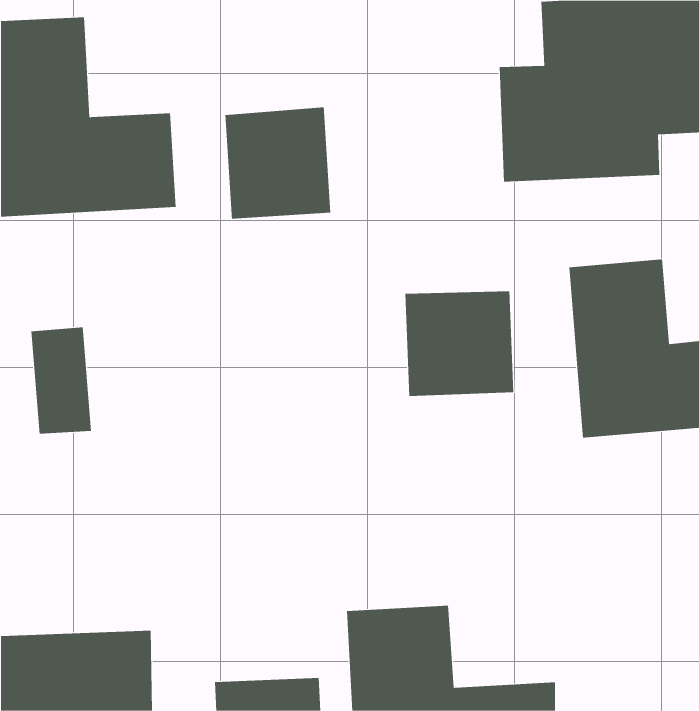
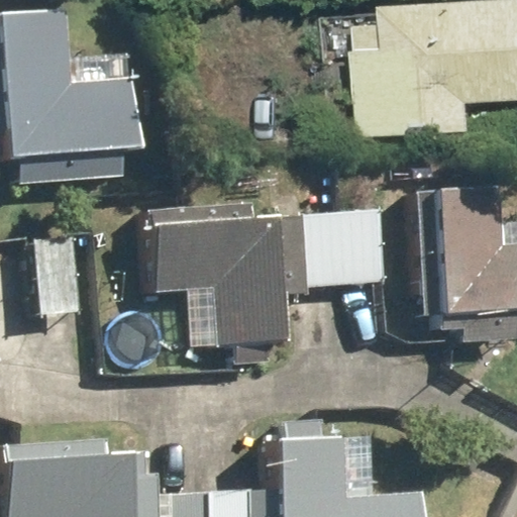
building: [225,107,331,220] -> none
building: none -> [141,222,273,346]

